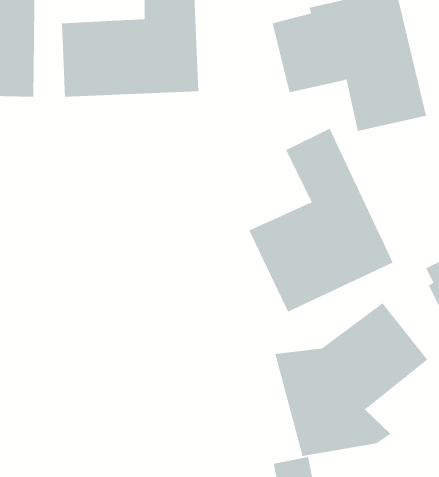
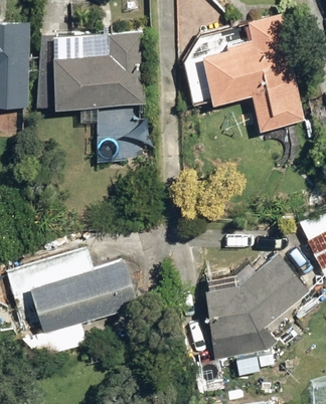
building: [249,128,394,312] -> none
building: none -> [27,259,135,363]

